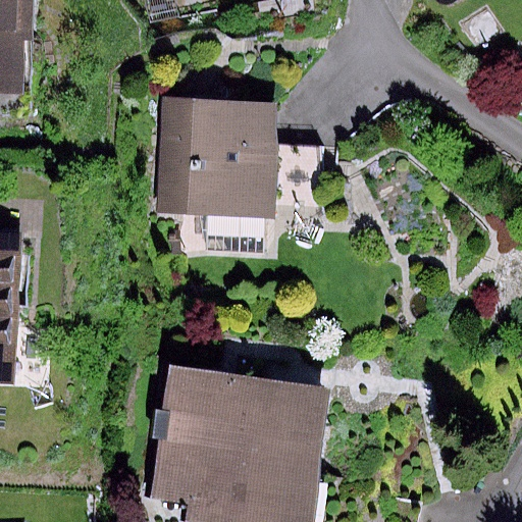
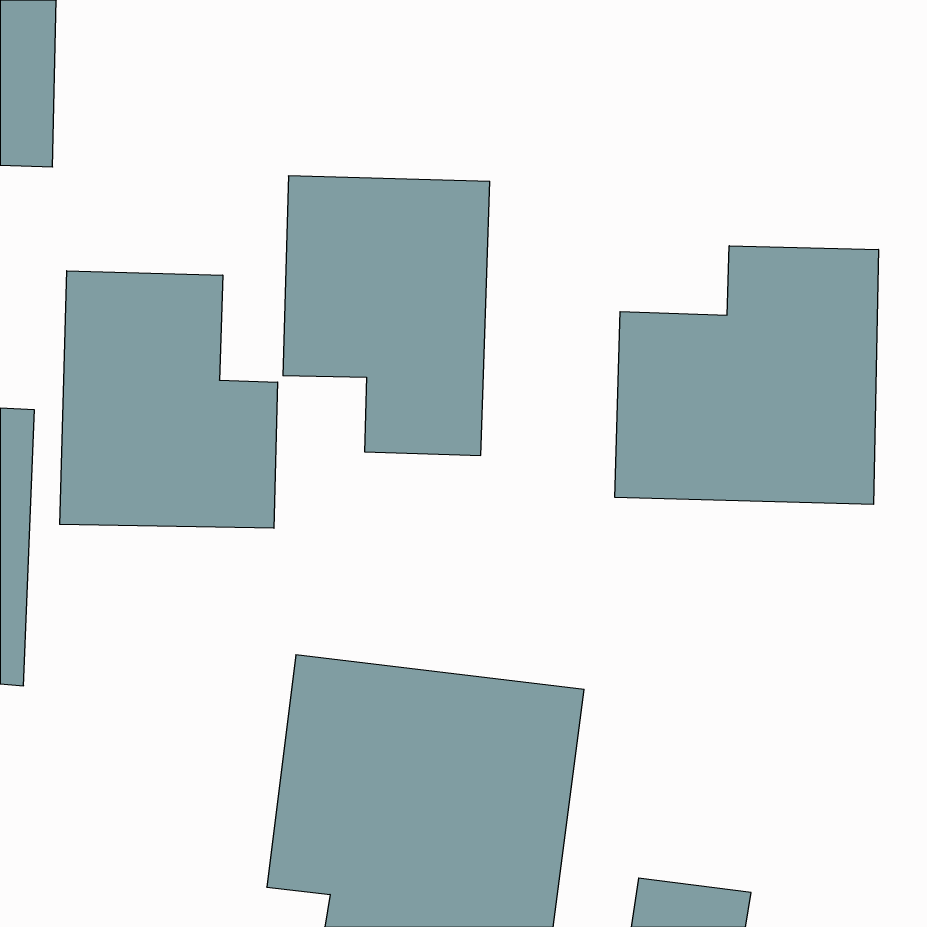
building: none -> [615,246,878,504]
building: none -> [60,271,278,528]

